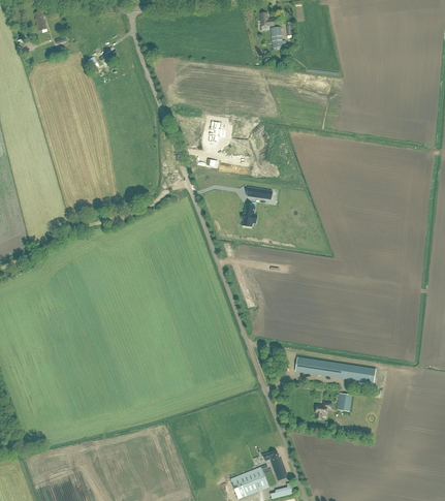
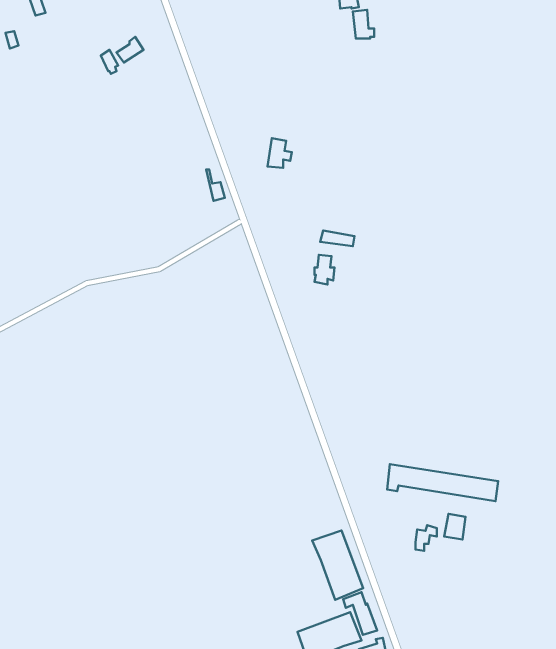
building: none -> [312,530,363,600]

